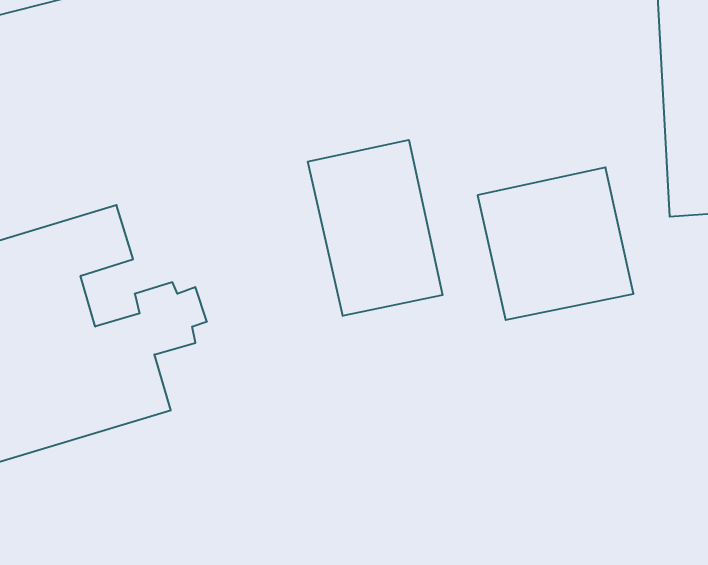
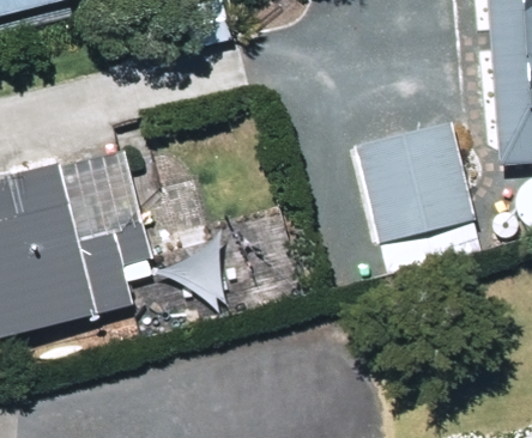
building: [308,140,443,316] -> none

